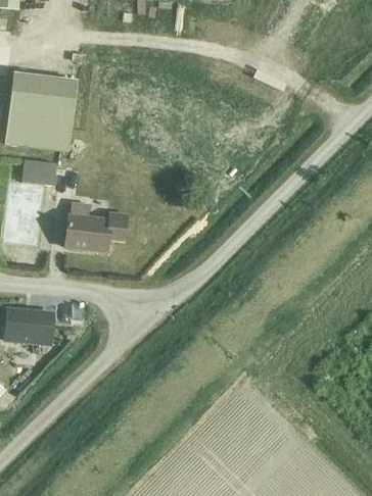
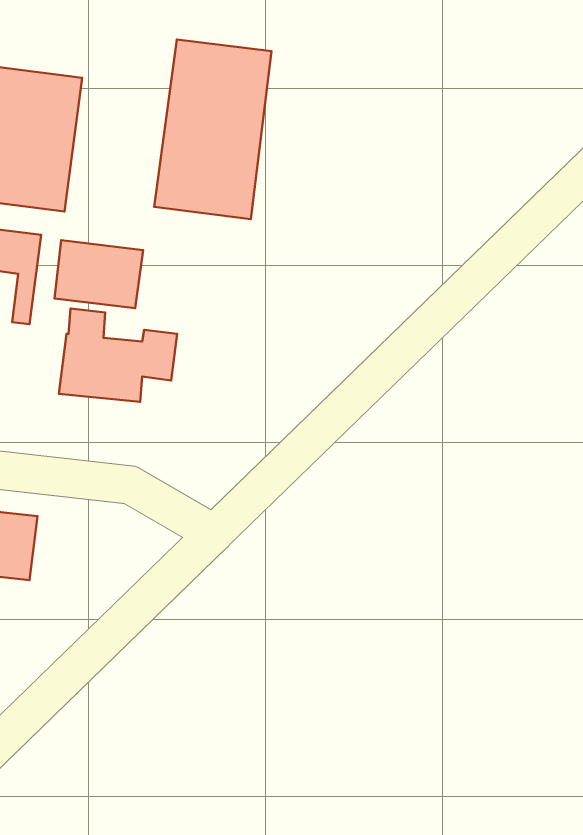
building: none -> [154,39,272,219]
building: none -> [55,240,143,308]

